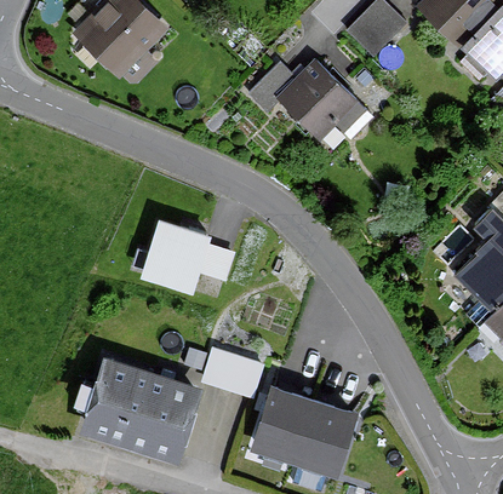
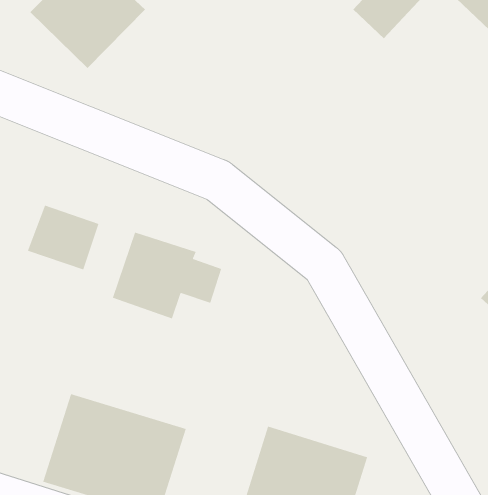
building: [247,61,356,140] -> none
building: none -> [27,205,100,271]
building: [201,349,263,398] -> none

